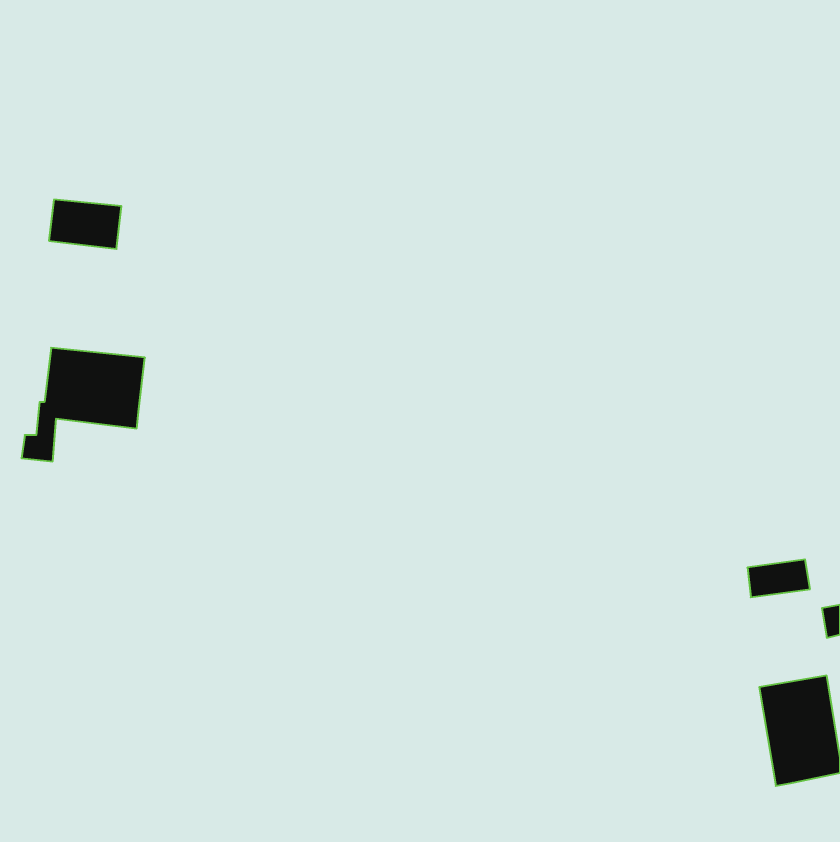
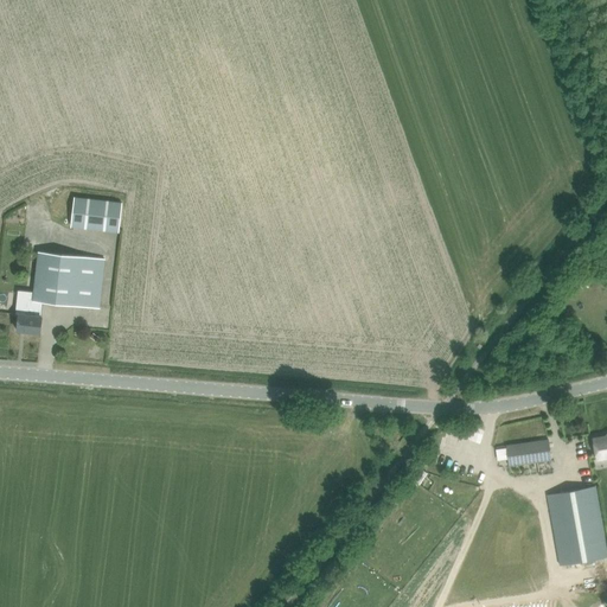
building: [49,200,121,249] -> [69,197,121,232]
building: [747,559,810,597] -> [505,439,550,466]

